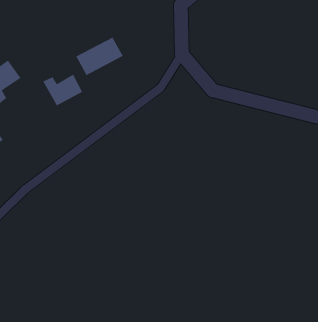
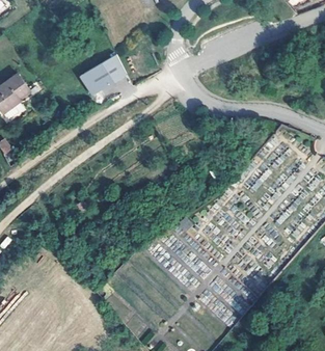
building: [42,74,83,106] -> none

